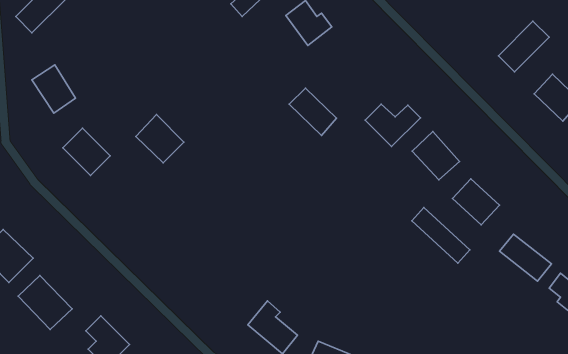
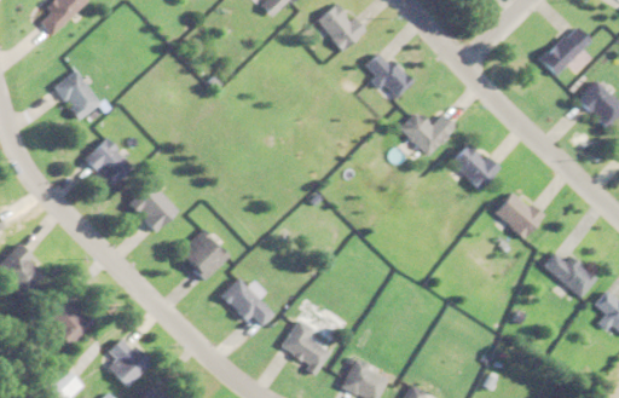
building: [289,88,336,135] -> [365,50,415,99]
building: [136,114,184,163] -> [127,180,178,231]
building: [412,208,470,263] -> none
building: none -> [178,227,231,282]
building: none -> [221,277,273,329]

